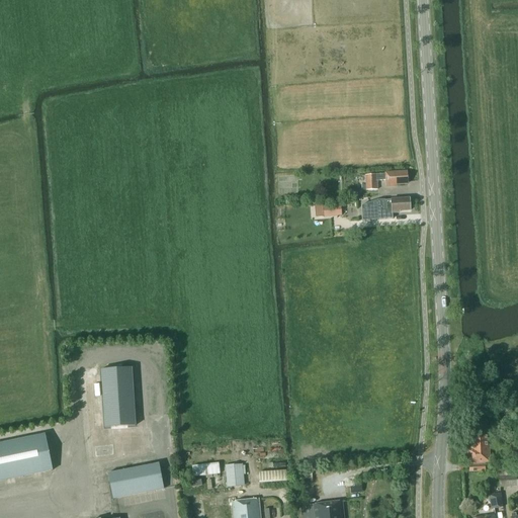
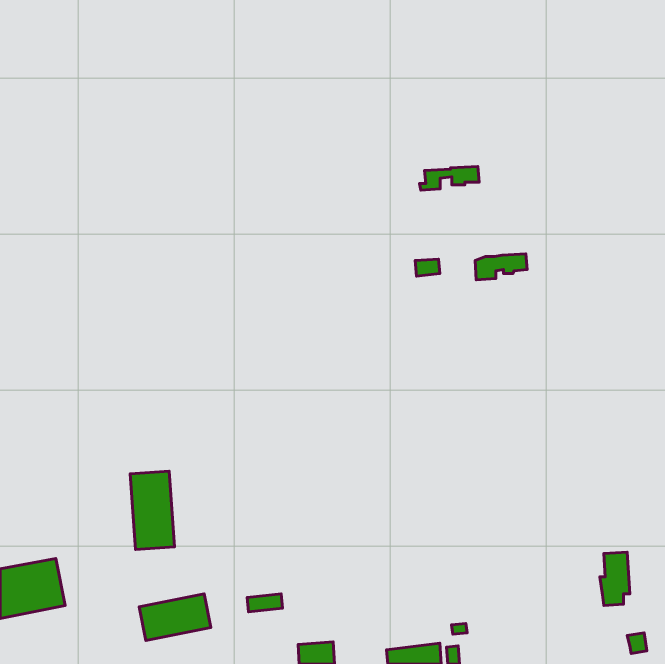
building: [361,171,408,189] -> [419,167,479,190]
building: [225,462,245,486] -> none

